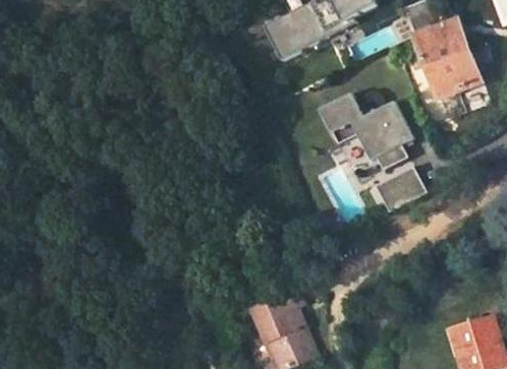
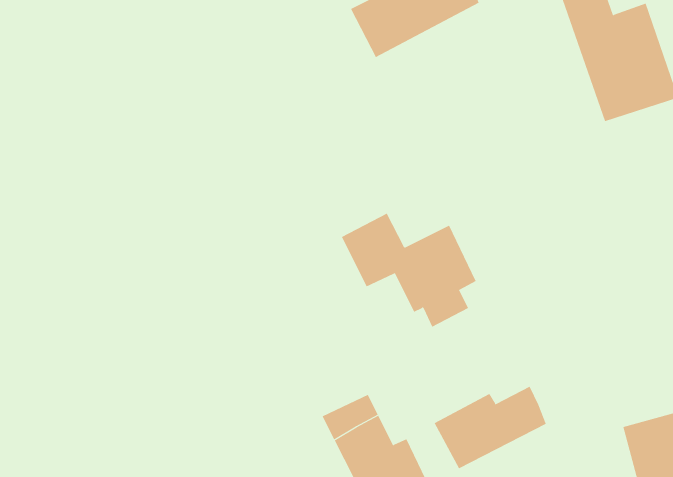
building: [320,94,412,172] -> [341,213,476,327]
building: [375,168,426,213] -> none
building: none -> [434,386,547,469]

